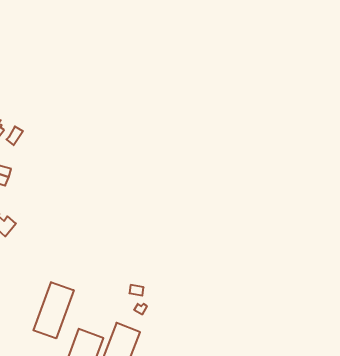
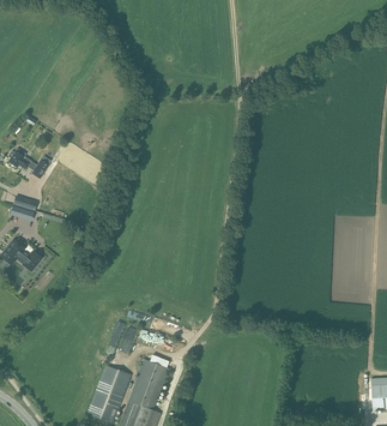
building: [33,282,74,338] -> none

